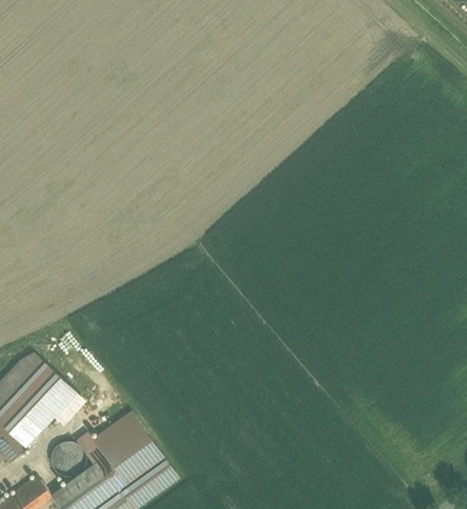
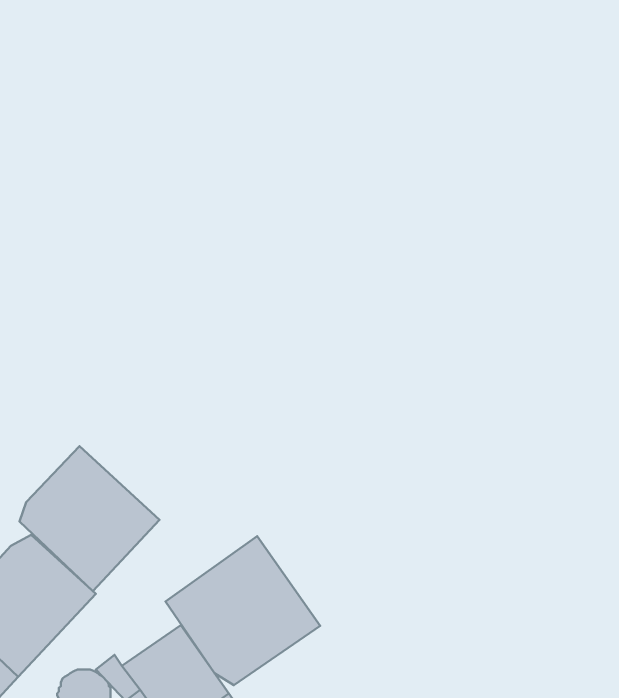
building: none -> [19,446,160,591]
building: none -> [165,536,320,685]

